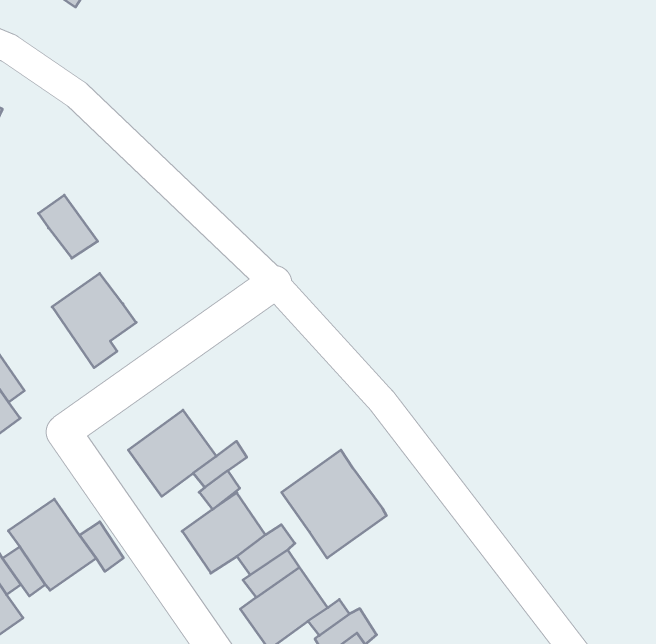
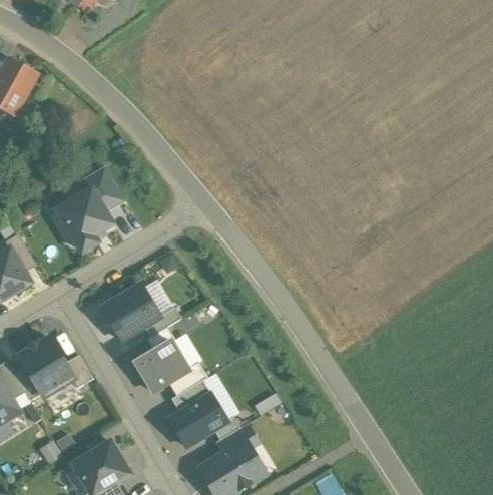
building: [38,195,98,258] -> [84,168,122,210]
building: [282,450,386,558] -> none

